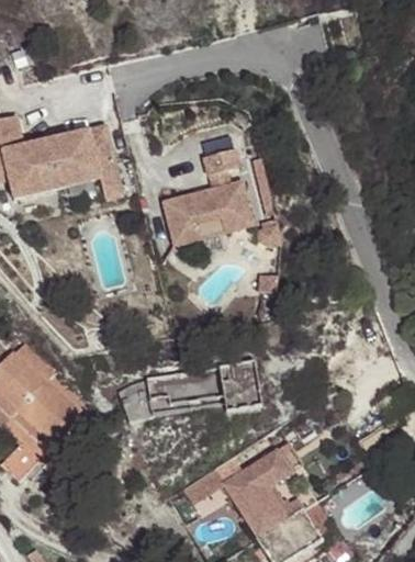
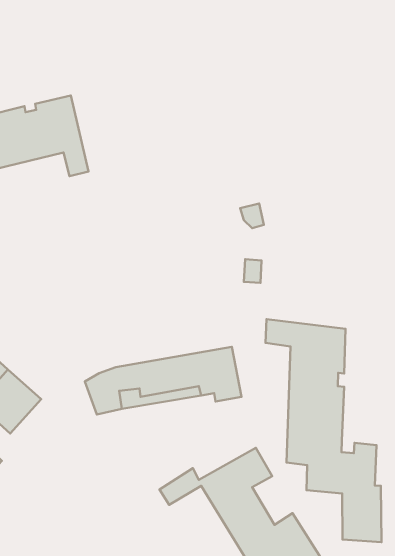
building: [166,148,255,243] -> none
building: none -> [266,319,382,542]

